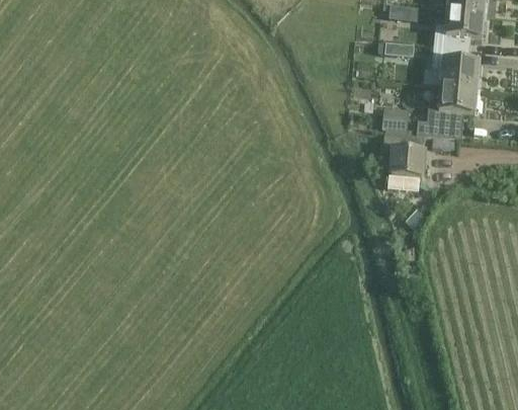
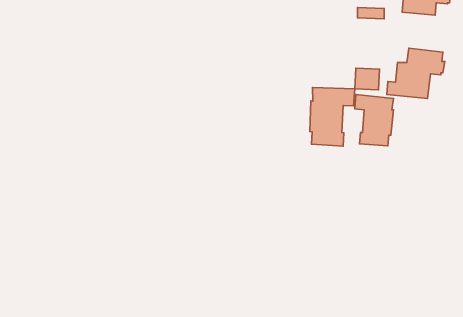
building: [431,48,482,90] -> none
building: none -> [310,88,355,146]

